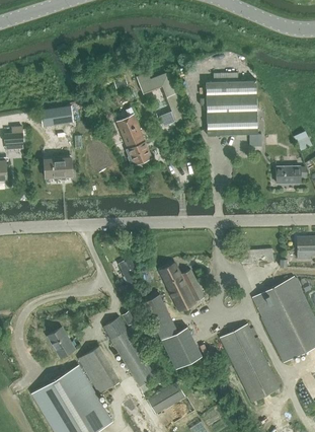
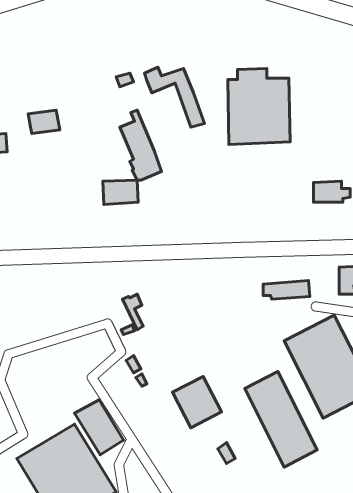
building: [44,158,73,178] -> [103,180,138,205]
building: [159,263,205,311] -> none
building: [144,294,177,339] -> none
building: [102,316,155,392] -> none
building: [48,328,75,358] -> none
building: [146,383,185,414] -> none

